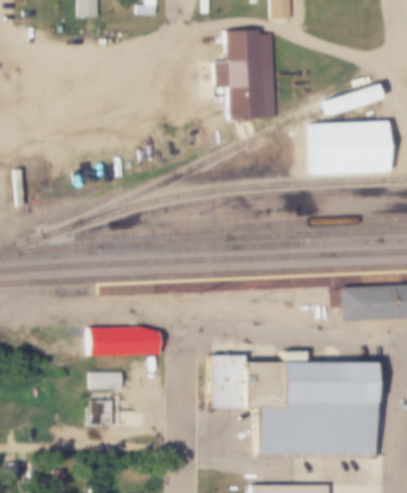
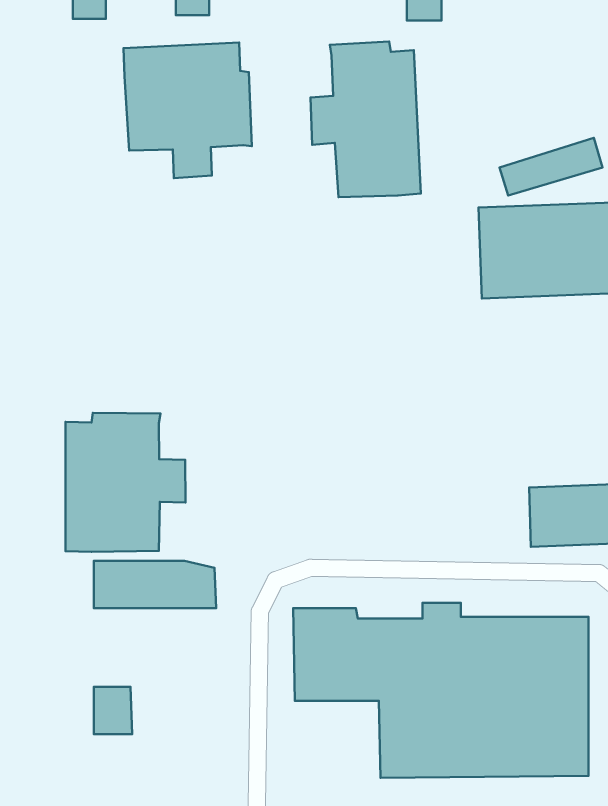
building: none -> [124,42,252,178]
building: none -> [66,413,186,552]
building: [90,373,124,390] -> none

